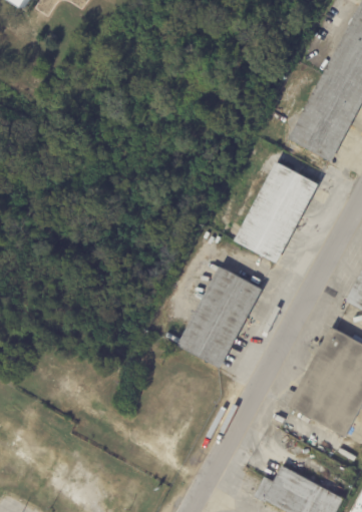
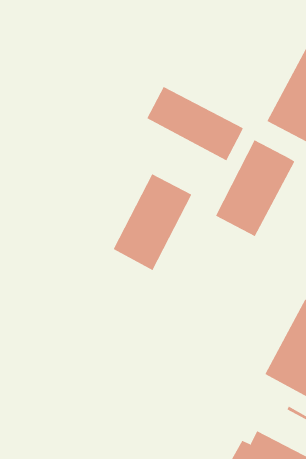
building: none -> [147,86,244,161]
building: [182,268,265,370] -> [113,174,192,271]

